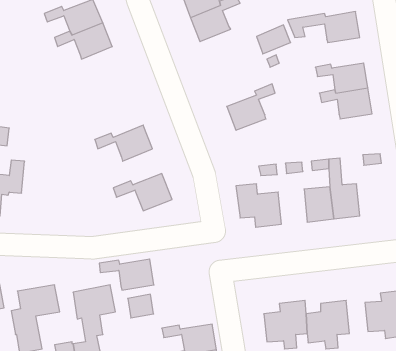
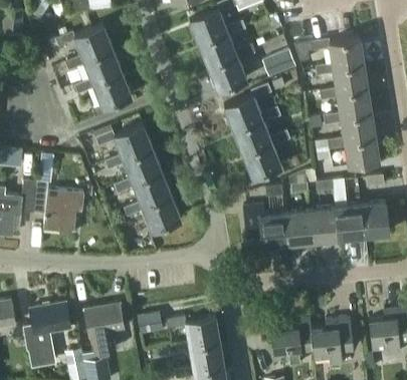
building: none -> [207,44,255,91]
building: none -> [316,62,367,92]
building: none -> [74,71,132,108]
building: none -> [223,84,272,129]
building: none -> [92,123,152,159]
building: none -> [242,124,297,177]
building: none -> [315,136,379,166]
building: none -> [114,170,170,206]
building: none -> [33,182,83,233]
building: none -> [360,202,388,236]
building: none -> [283,210,312,244]
building: [99,259,154,290] -> [166,316,219,346]

